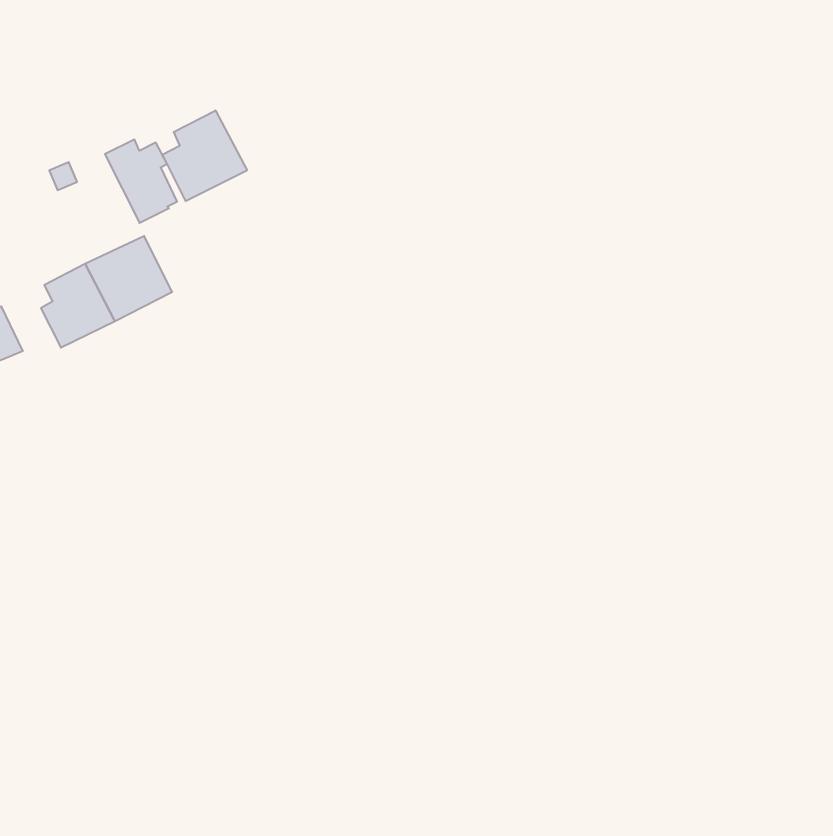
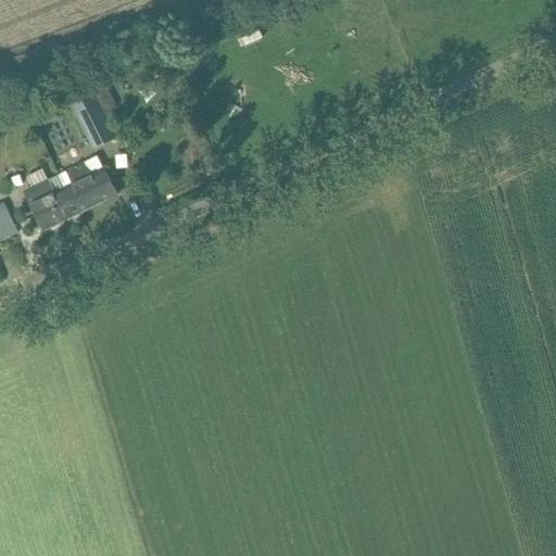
building: [163,110,247,201] -> none

